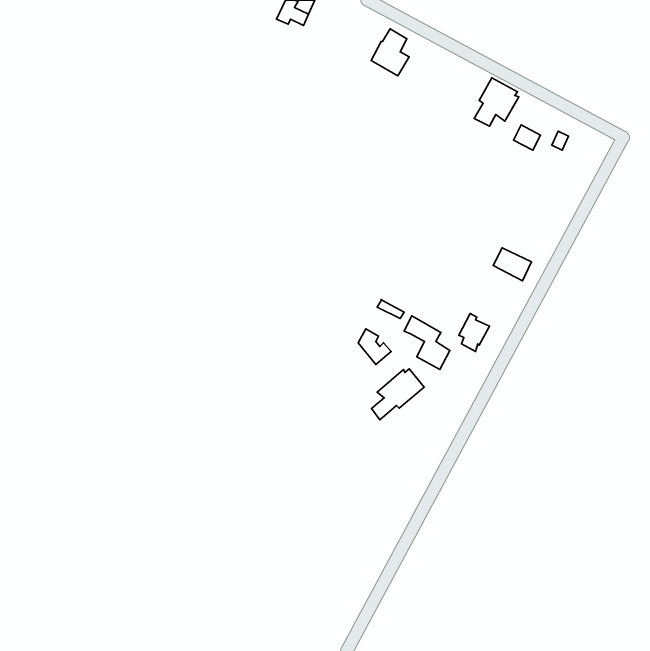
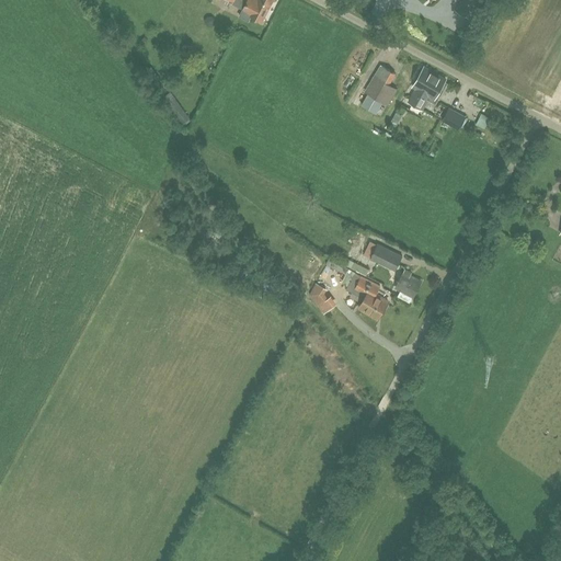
building: [371,29,409,76] -> [364,65,397,105]
building: [493,248,531,281] -> [369,243,402,272]
building: [372,369,424,420] -> none

